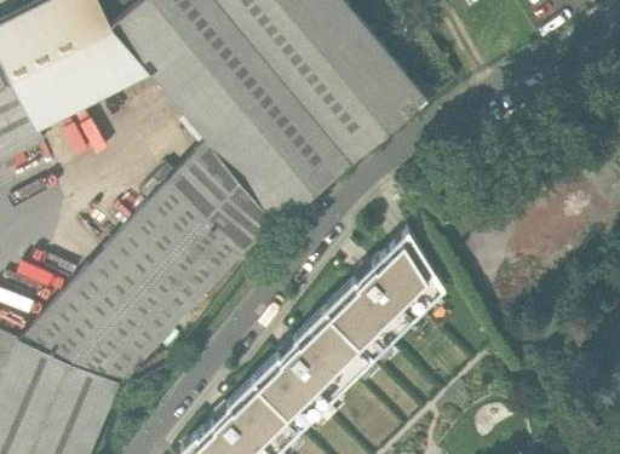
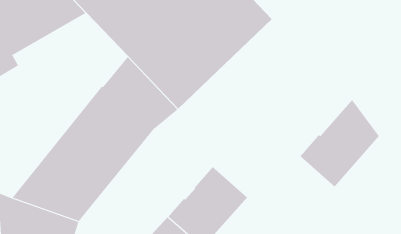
building: [323,231,444,361] -> [300,99,380,187]

